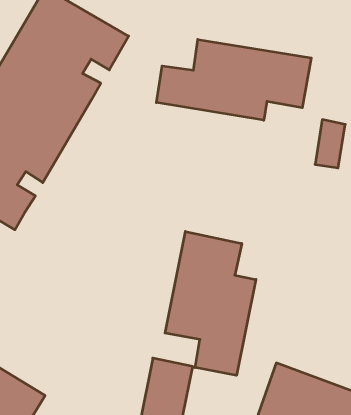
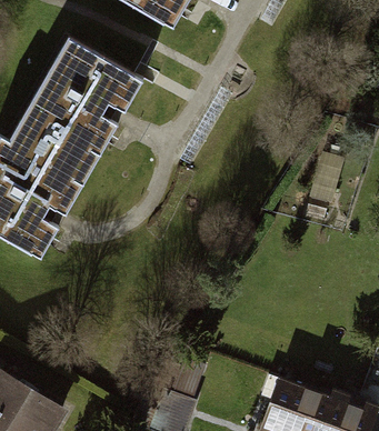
building: [156,39,311,120] -> none
building: [165,231,256,375] -> none

